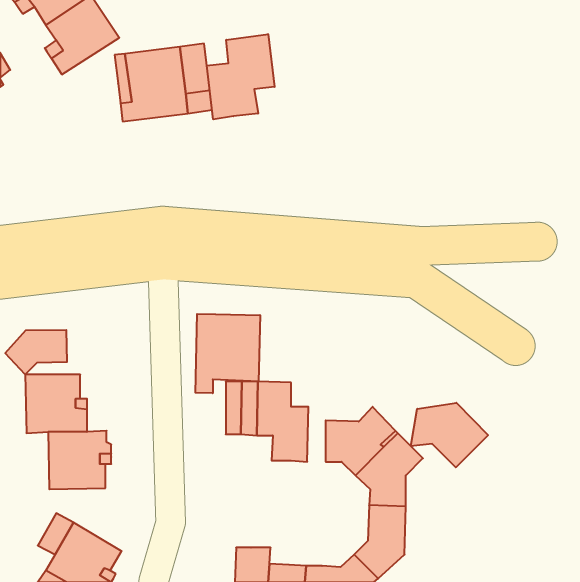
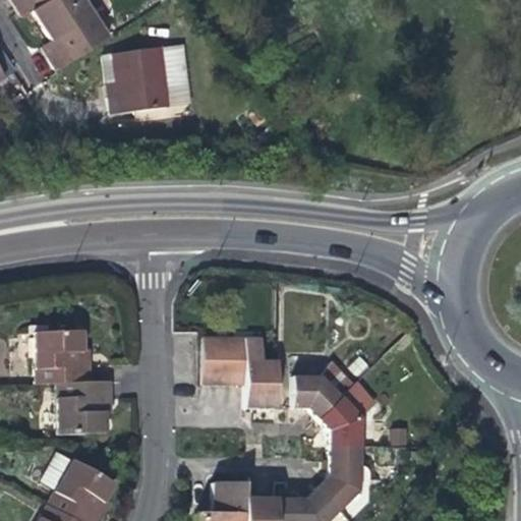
building: [207,34,275,119] -> none
building: [195,314,260,393] -> none
building: [5,330,67,375] -> none
building: [411,403,488,467] -> none

